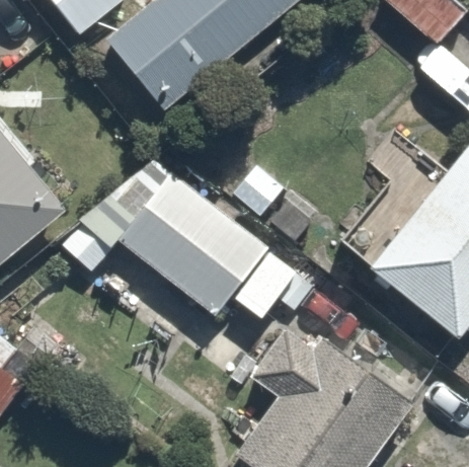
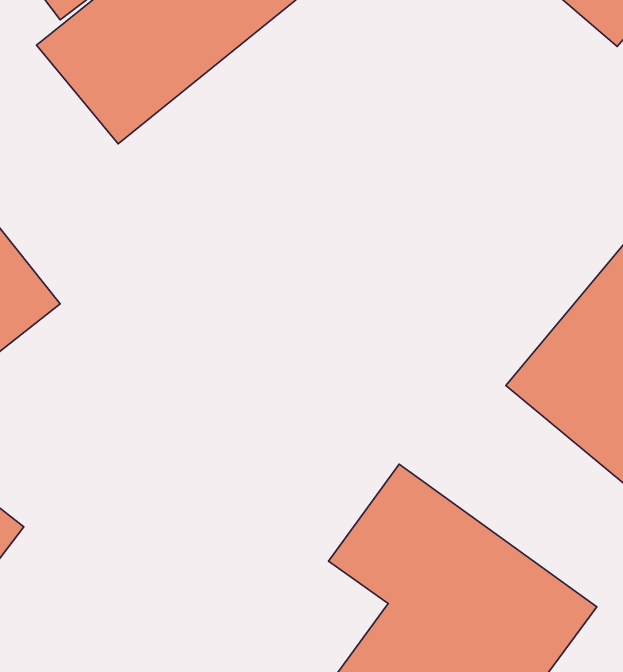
building: [107,162,270,323] -> none

